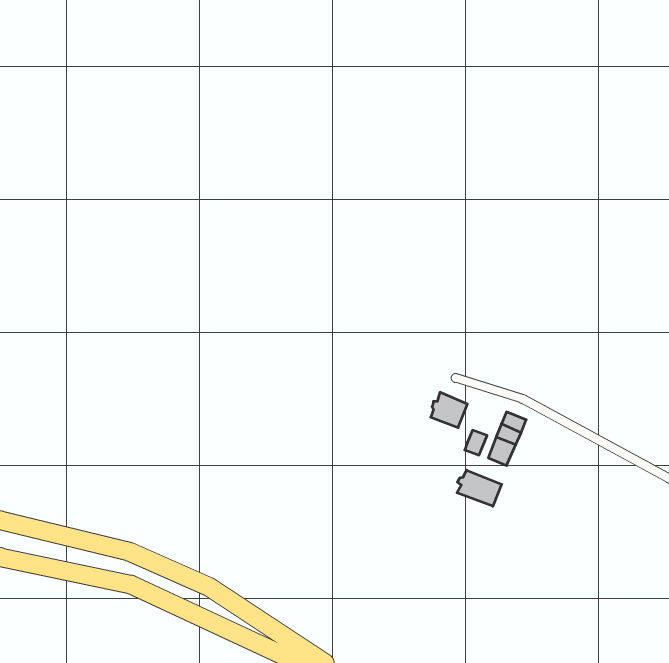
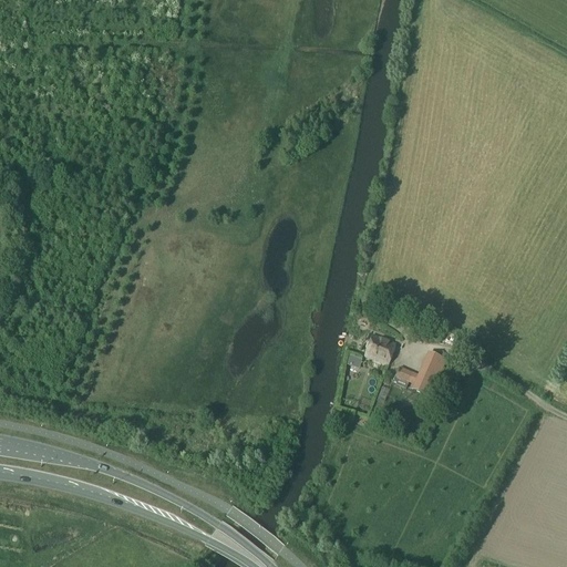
building: [457,470,502,506] -> none

